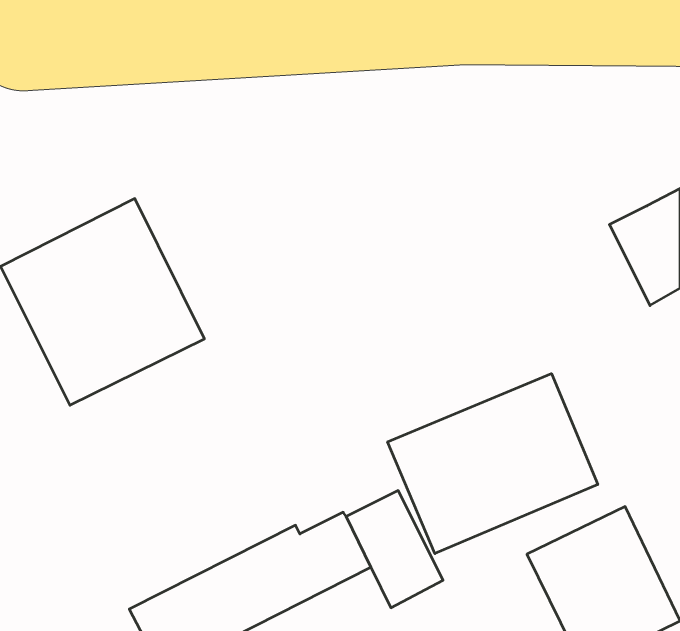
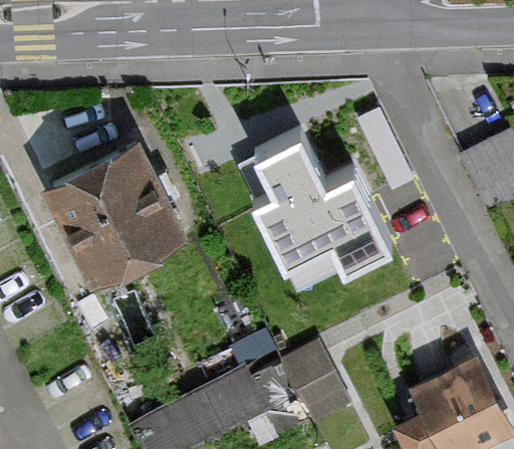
building: none -> [245,142,388,271]
building: [388,374,598,554] -> none

